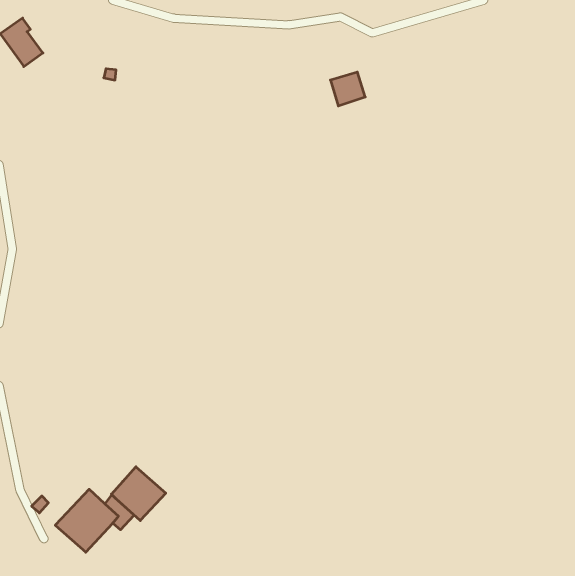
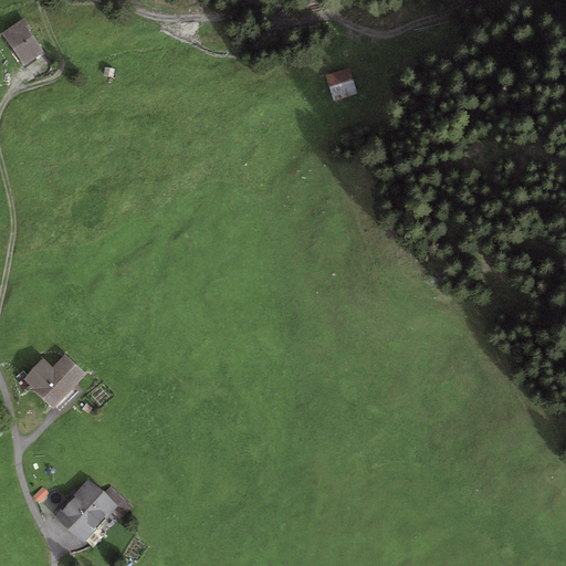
building: none -> [22,355,85,408]
building: [111,467,166,521] -> none

